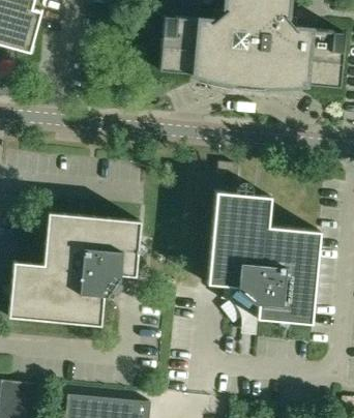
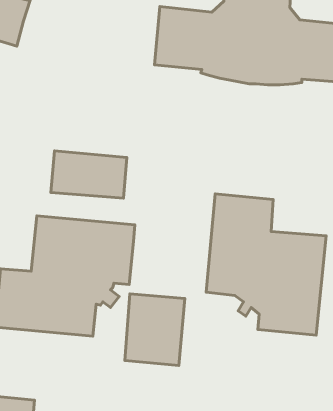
building: none -> [51,151,127,198]
building: none -> [125,294,185,365]

